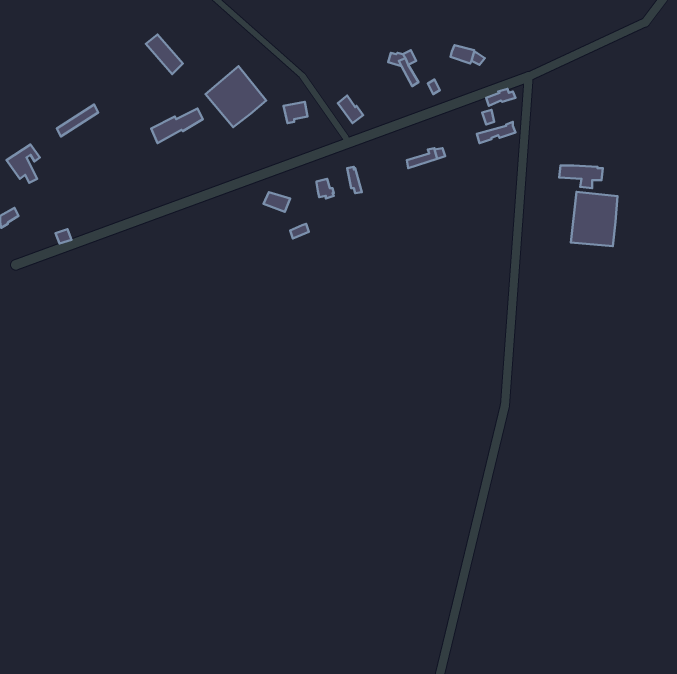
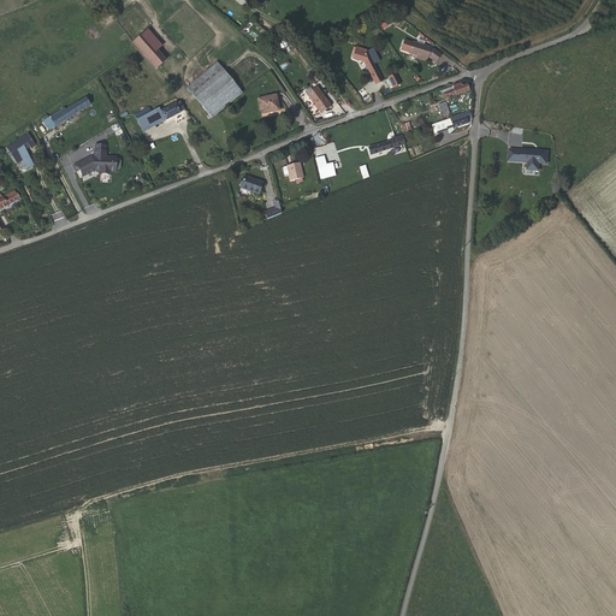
building: none -> [73,149,122,176]
building: [571,192,617,246] -> none

